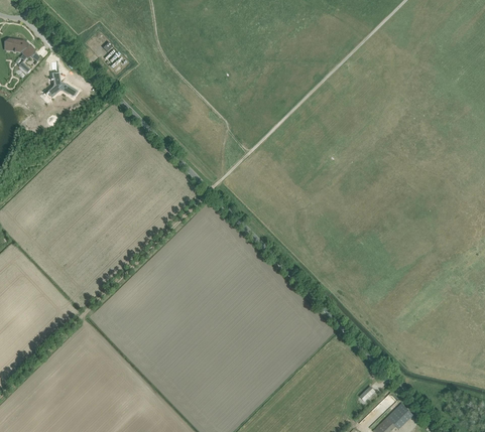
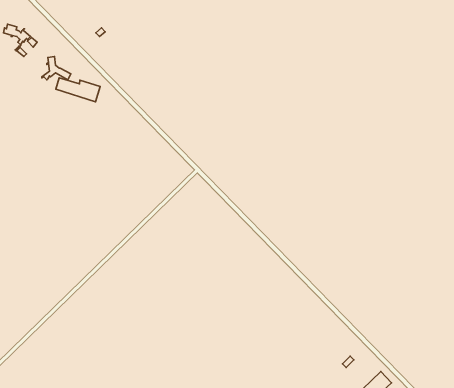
building: none -> [56,78,100,102]

